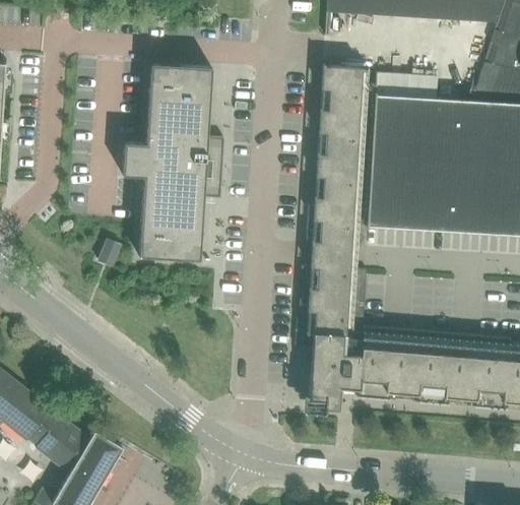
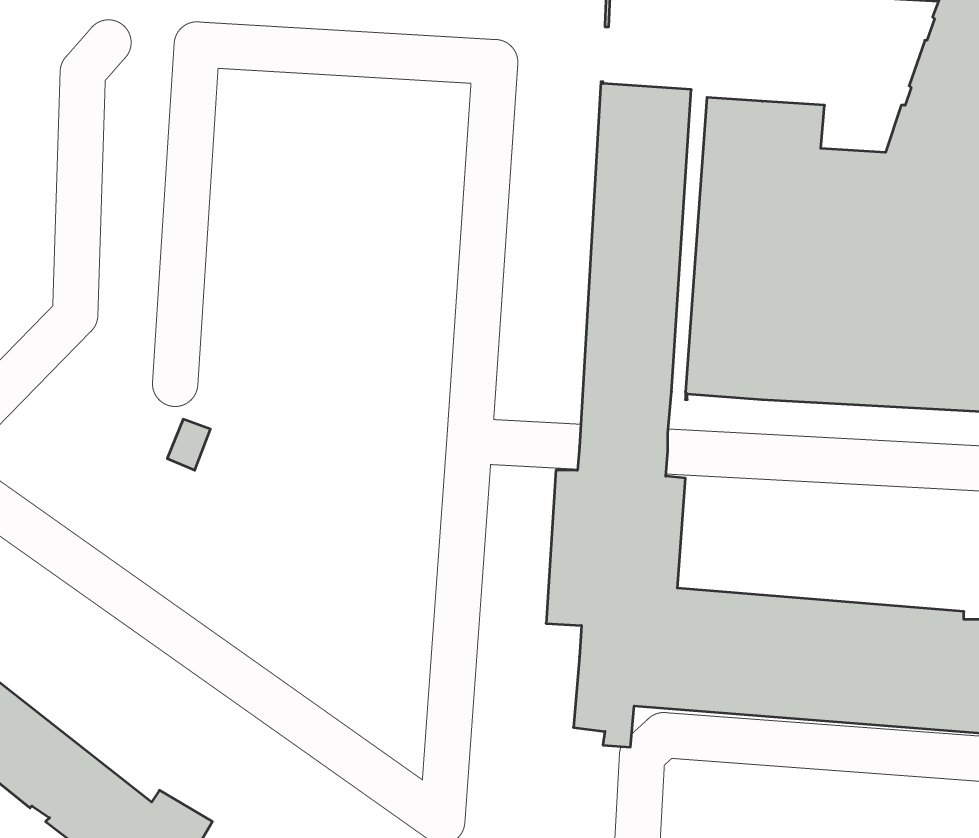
building: [122,65,223,261] -> none

